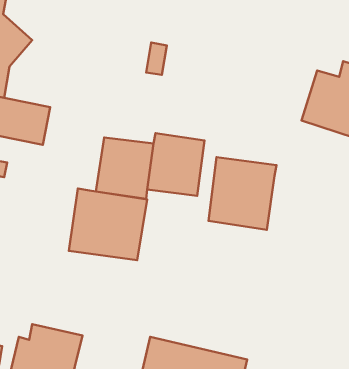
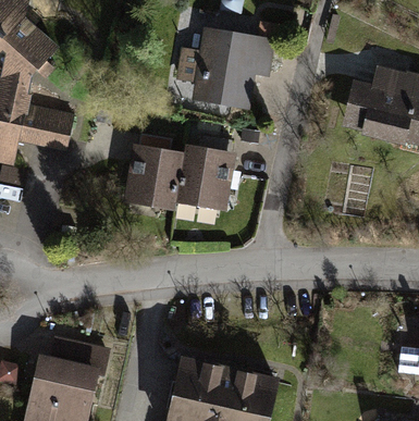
building: none -> [190,27,273,106]
building: [209,157,276,230] -> none
building: [69,189,147,260] -> none

